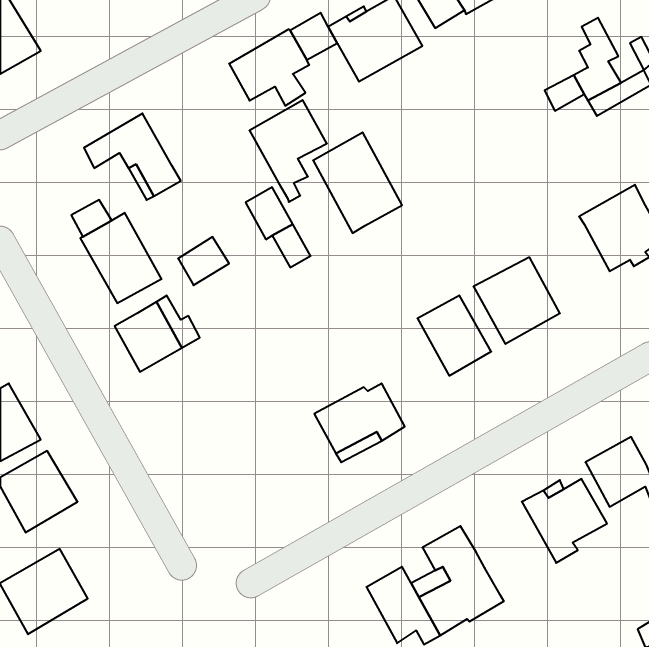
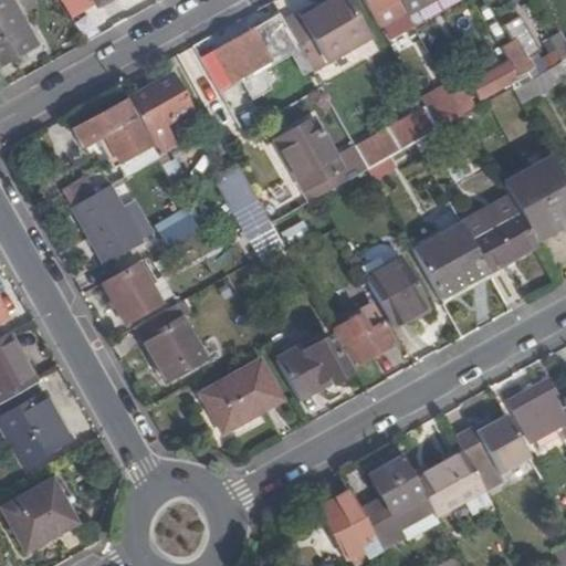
building: none -> [355,82,463,168]
building: [249,100,327,202] -> [125,72,192,160]
building: none -> [460,195,536,272]
building: none -> [134,298,206,381]
building: none -> [333,313,396,365]
building: none -> [200,358,283,431]
building: none -> [415,451,484,516]

